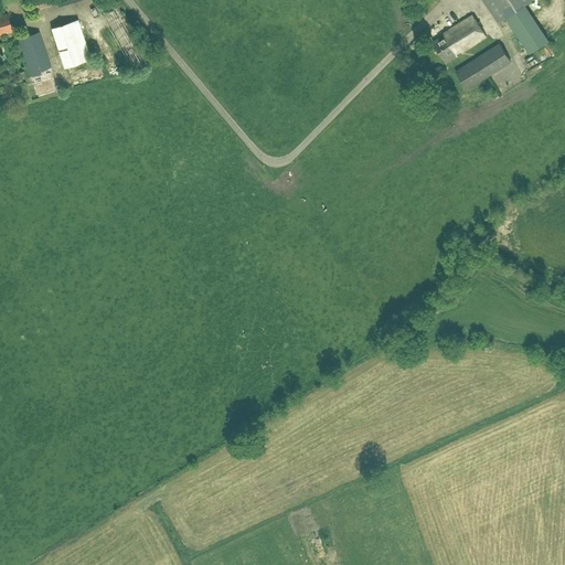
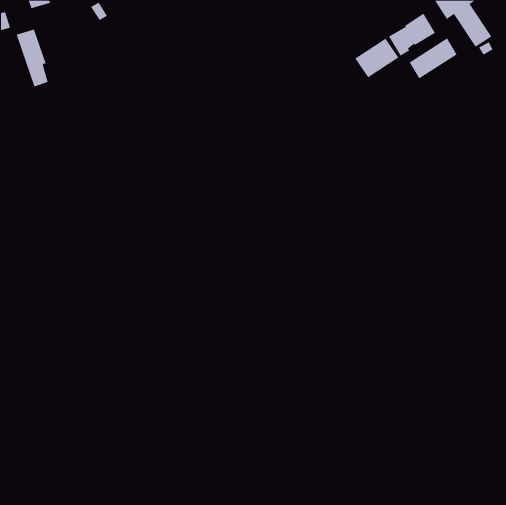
building: [51,15,89,62] -> none
building: none -> [354,38,399,78]

